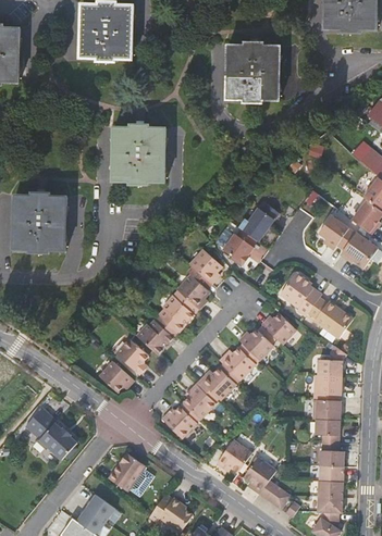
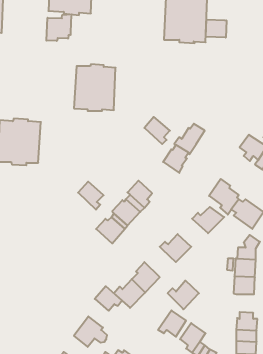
building: none -> [46,14,71,41]
building: none -> [206,20,226,38]
building: [189,250,222,285] -> [144,117,170,144]
building: [238,329,273,360] -> none
building: [116,339,149,375] -> [78,182,104,210]
building: [99,362,134,394] -> [95,286,122,311]
building: [199,363,239,400] -> [168,281,199,309]
building: [30,412,76,459] -> none
building: [317,421,340,445] -> none

